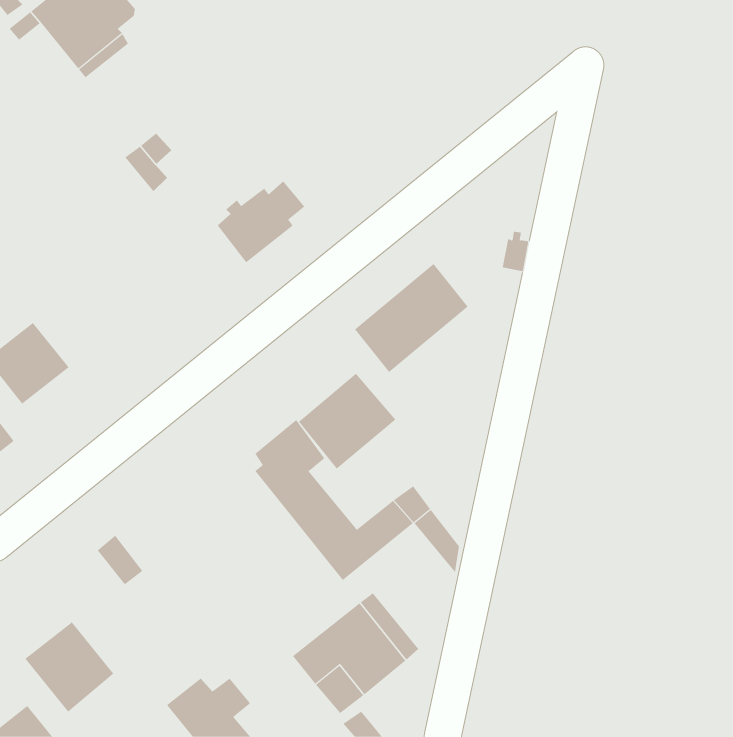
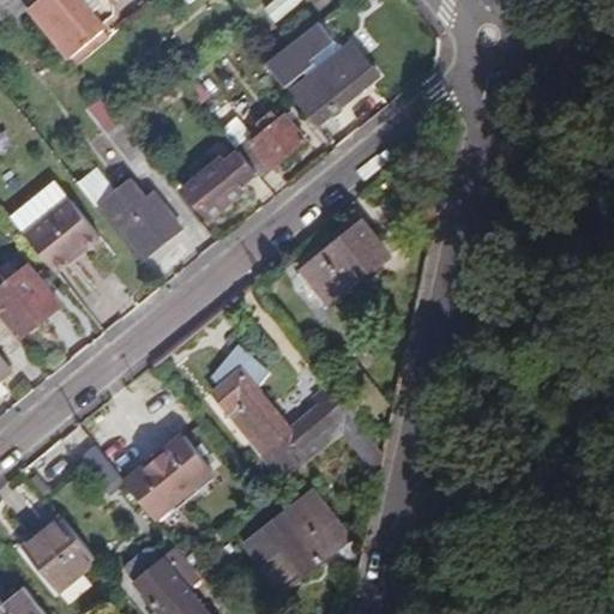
building: none -> [263,20,377,125]
building: none -> [231,110,303,175]
building: none -> [72,164,181,255]
building: none -> [8,180,97,270]
building: [298,373,396,470] -> none
building: none -> [125,433,215,518]

